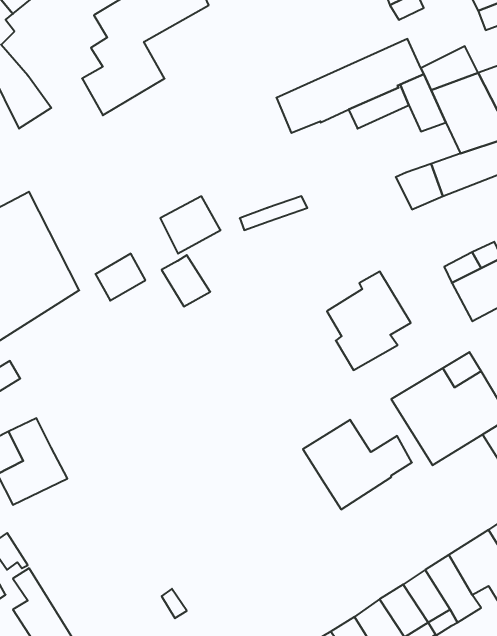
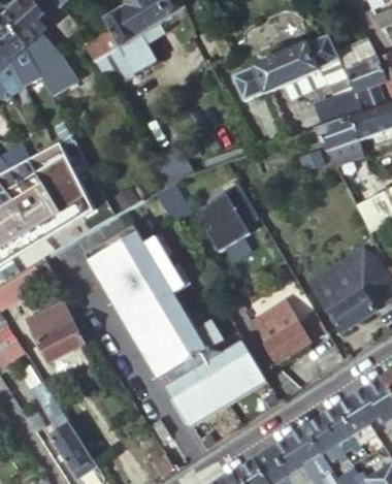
building: none -> [314,92,360,127]
building: [327,272,411,370] -> [202,184,261,253]
building: none -> [85,227,168,289]
building: none -> [115,265,221,377]
building: none -> [167,342,265,426]

